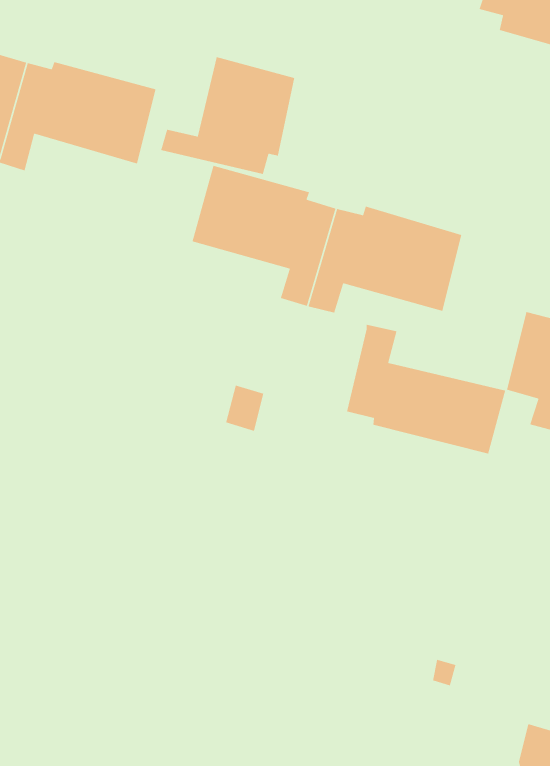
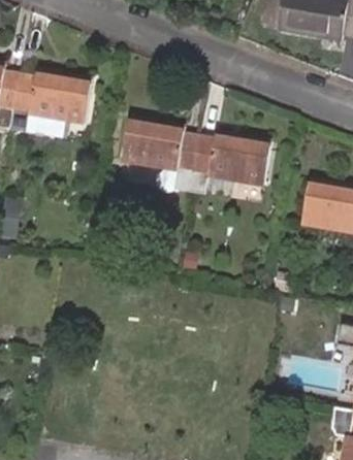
building: [160,56,295,175] -> none
building: [346,324,506,455] -> none

